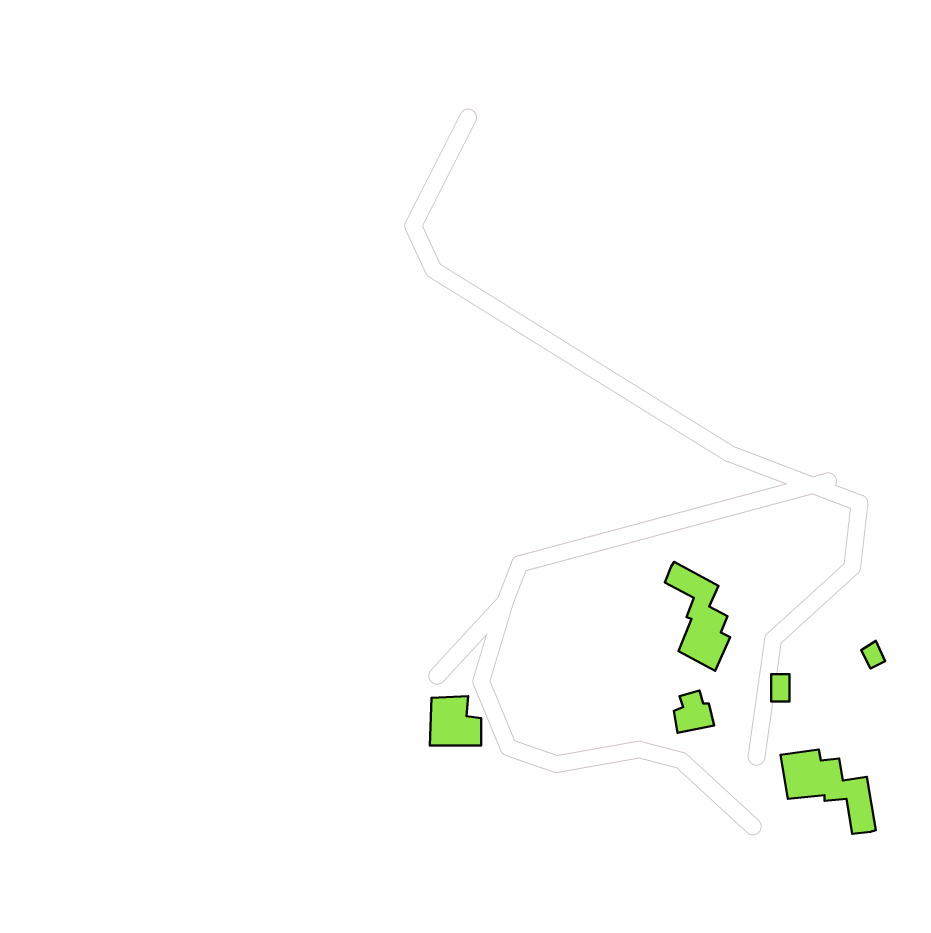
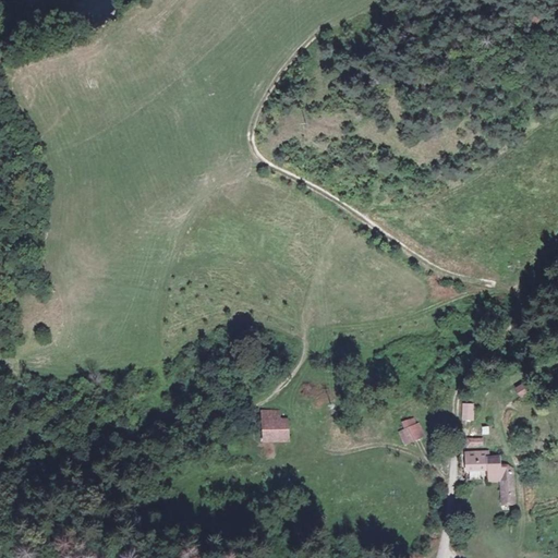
building: [665,562,730,671] -> none

